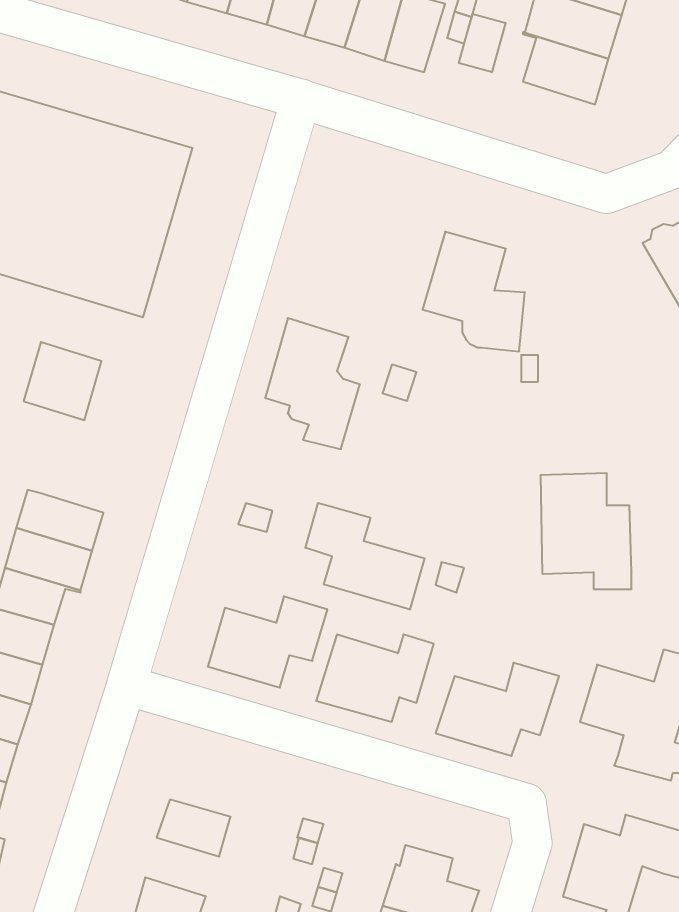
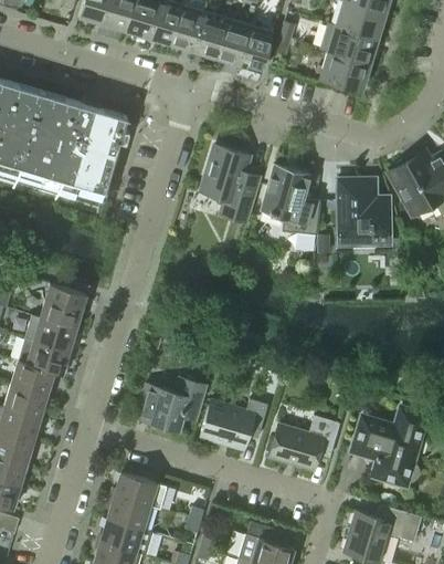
building: [459,14,505,72] -> none
building: [265,318,360,449] -> [202,145,257,221]
building: [24,342,101,420] -> [41,283,86,328]
building: [540,473,632,589] -> [338,178,391,246]
building: [305,503,425,610] -> none
building: none -> [115,471,168,509]
building: none -> [101,518,154,555]

